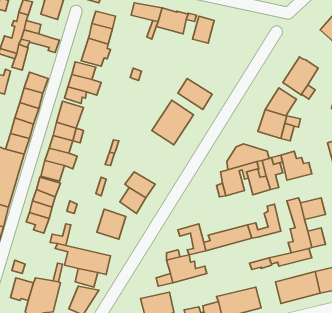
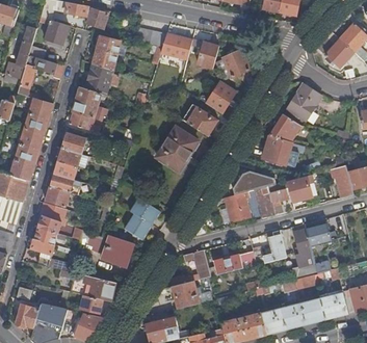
building: none -> [221,49,248,77]
building: none -> [205,80,236,113]
building: none -> [260,308,285,334]

